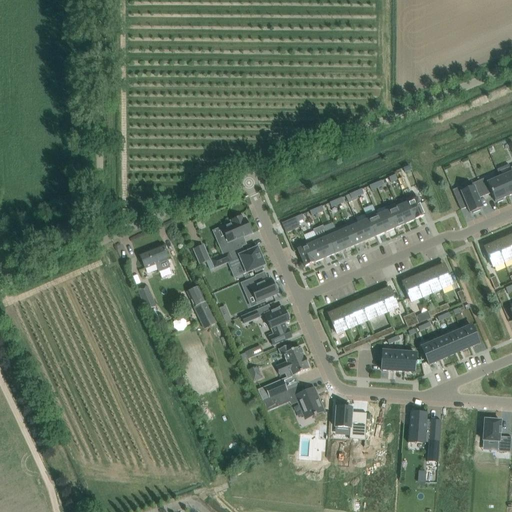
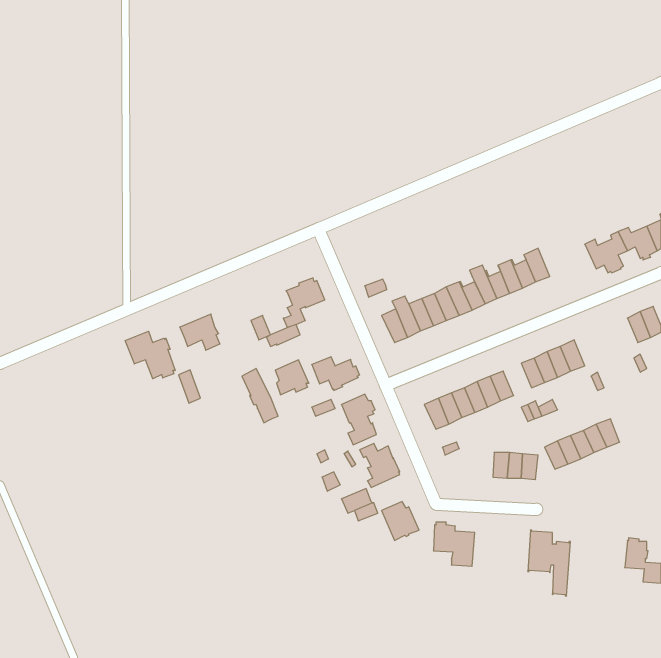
building: [239,246,265,273] -> [275,360,309,395]
building: none -> [125,331,175,379]

